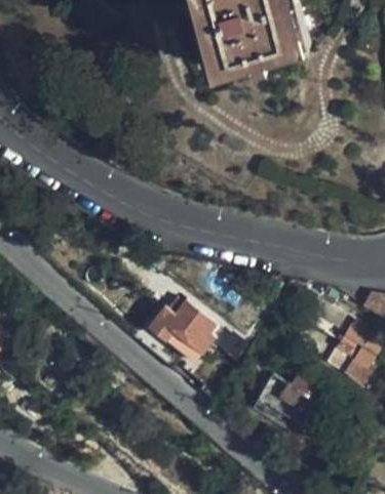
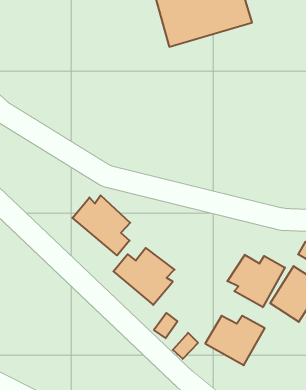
building: none -> [72,195,130,255]
building: none -> [227,255,285,307]

